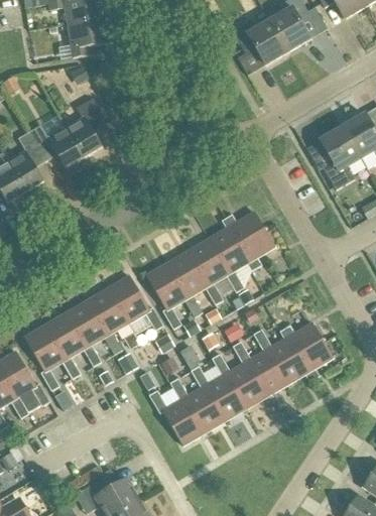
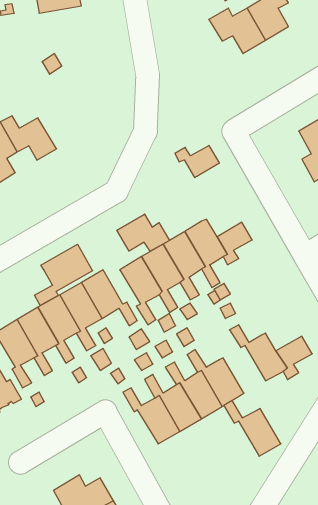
building: [67,18,111,56] -> none
building: [66,98,107,157] -> none
building: [221,212,264,243] -> [175,145,219,177]
building: none -> [117,214,169,251]
building: none -> [35,244,93,306]
building: [278,321,323,354] -> none
building: [232,341,287,395] -> [224,400,281,456]

